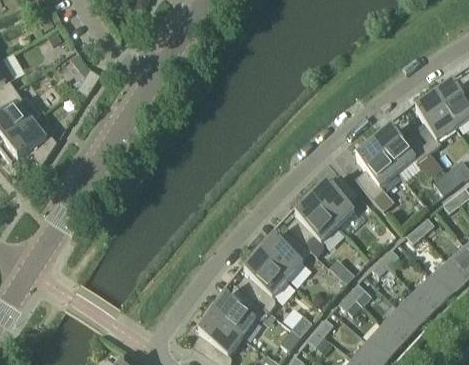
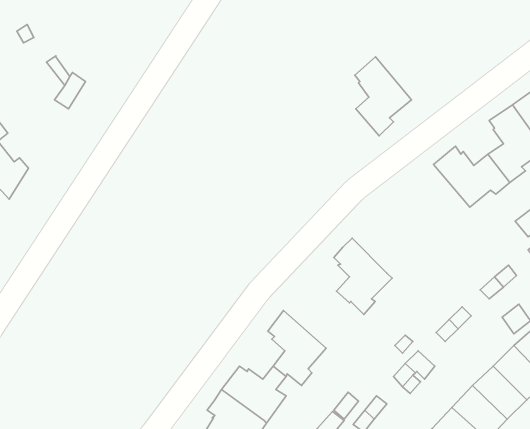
building: [354,138,398,199] -> [355,57,412,136]
building: [307,174,358,226] -> none
building: [254,235,305,280] -> none

